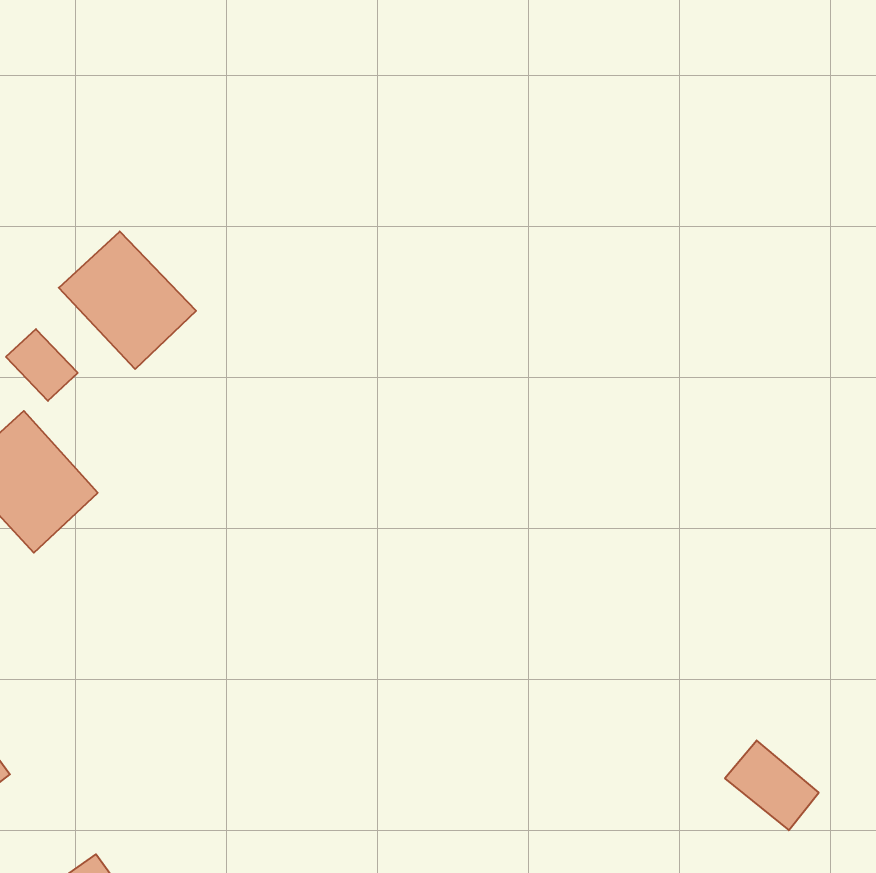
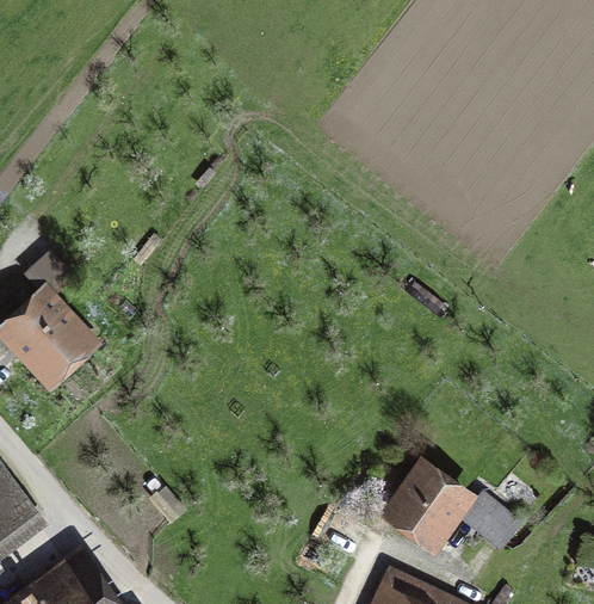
building: [59,231,196,369] -> none
building: none -> [388,467,459,540]

